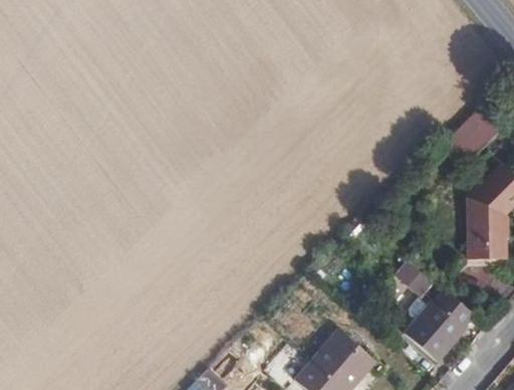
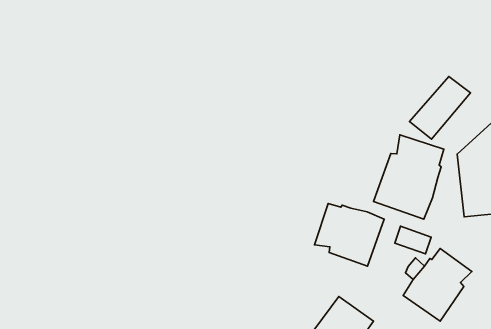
building: none -> [373,135,444,219]
building: none -> [314,204,384,266]

